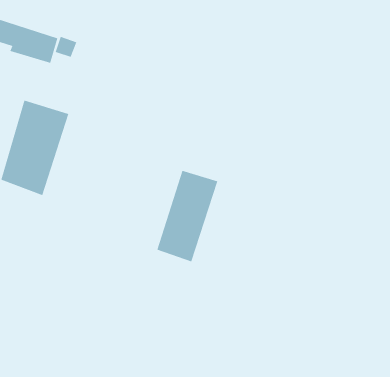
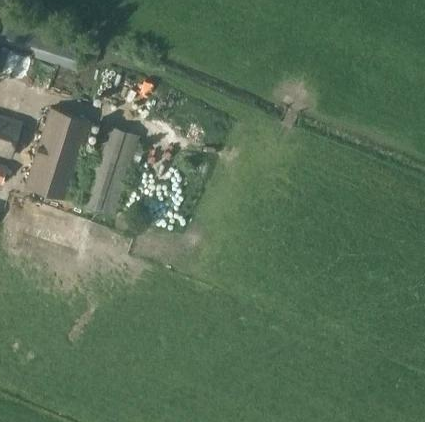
building: [157,170,218,262] -> [80,126,141,217]

